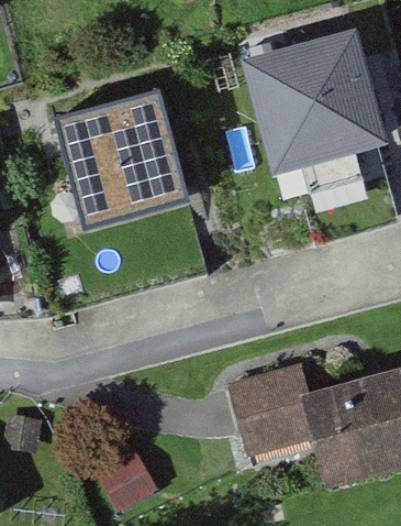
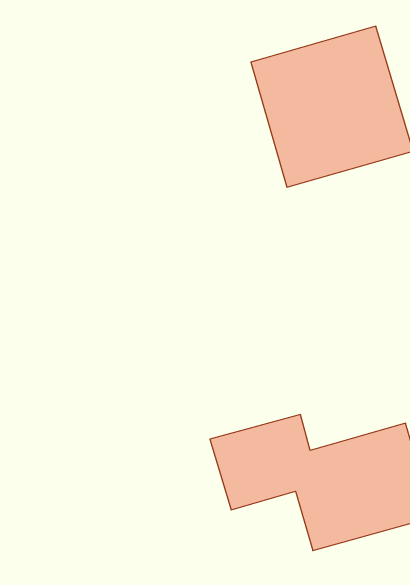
building: [68,86,200,219] -> none

